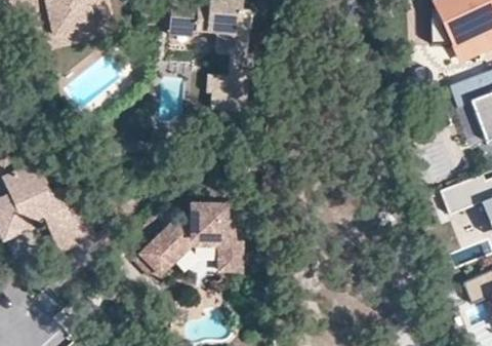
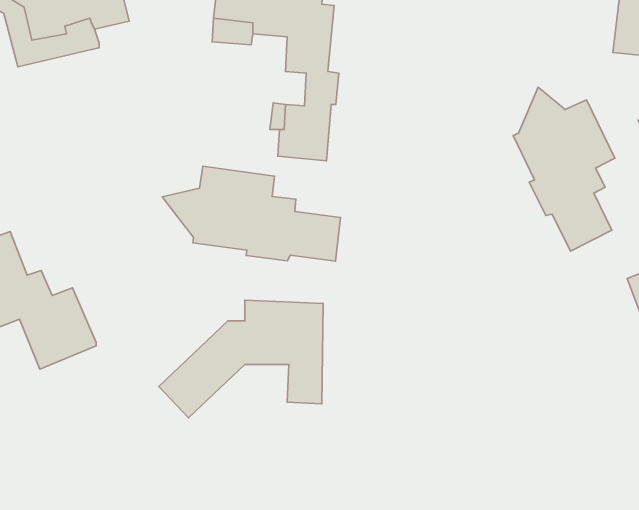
building: none -> [513,87,615,251]
building: none -> [162,166,341,261]

